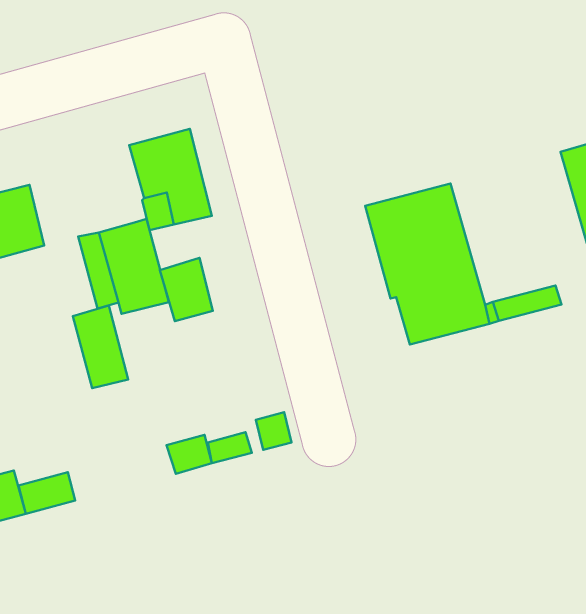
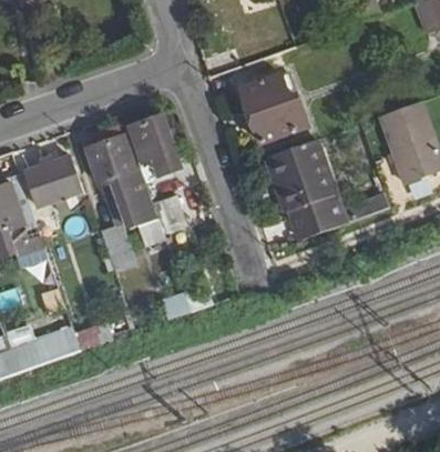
building: none -> [241,72,308,143]
building: none -> [86,138,133,185]

